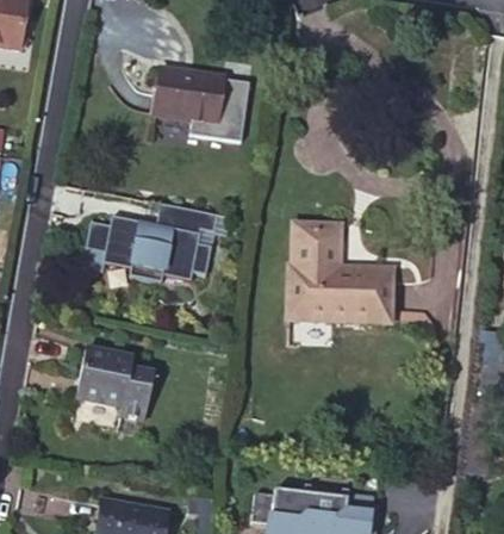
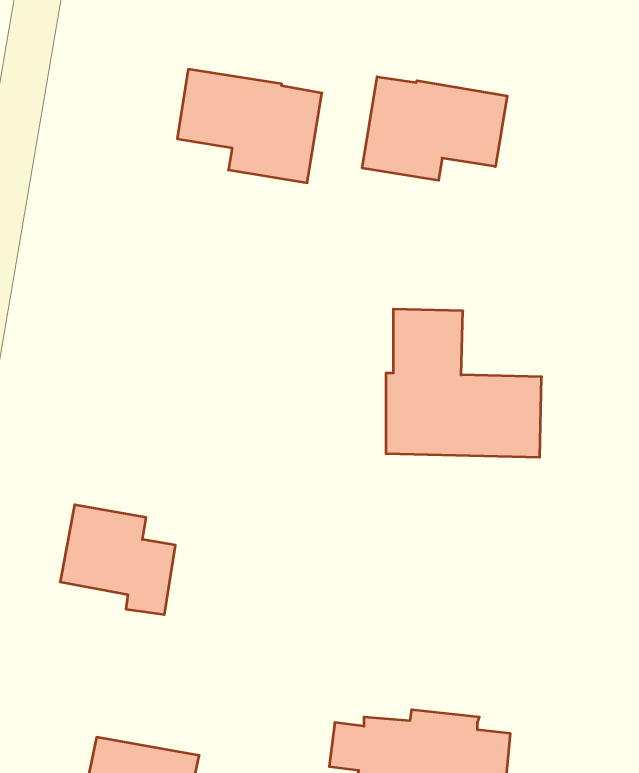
building: none -> [362,77,507,180]
building: [85,200,232,299] -> none

